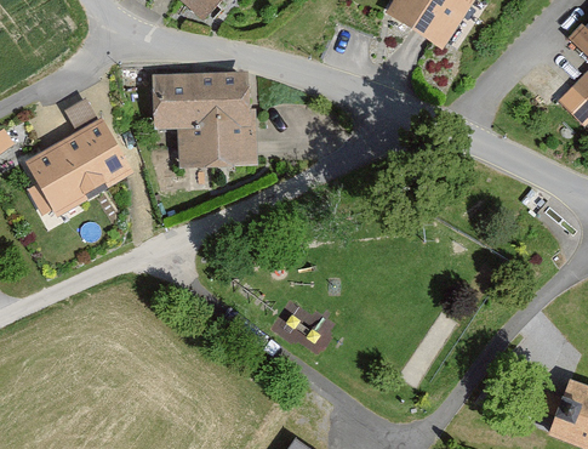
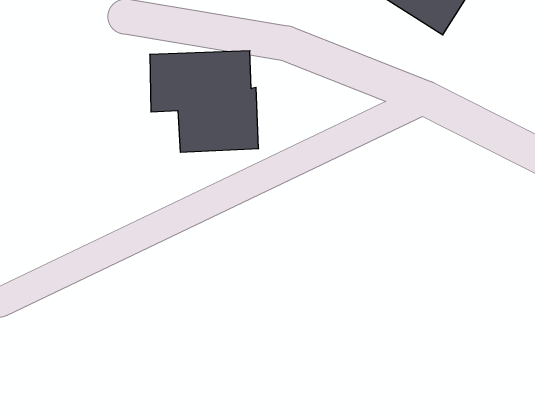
building: [32,118,131,208] -> none

